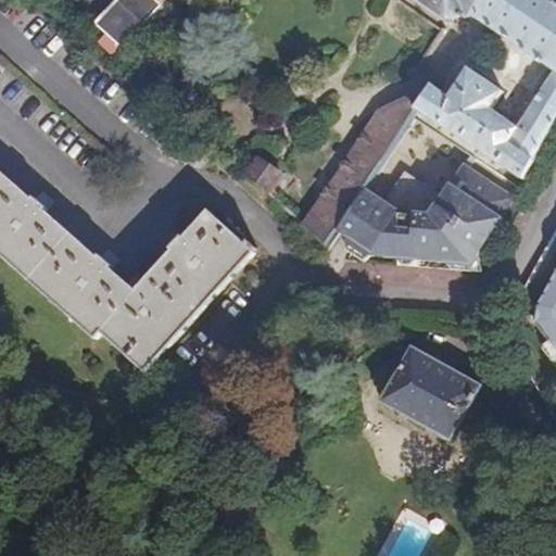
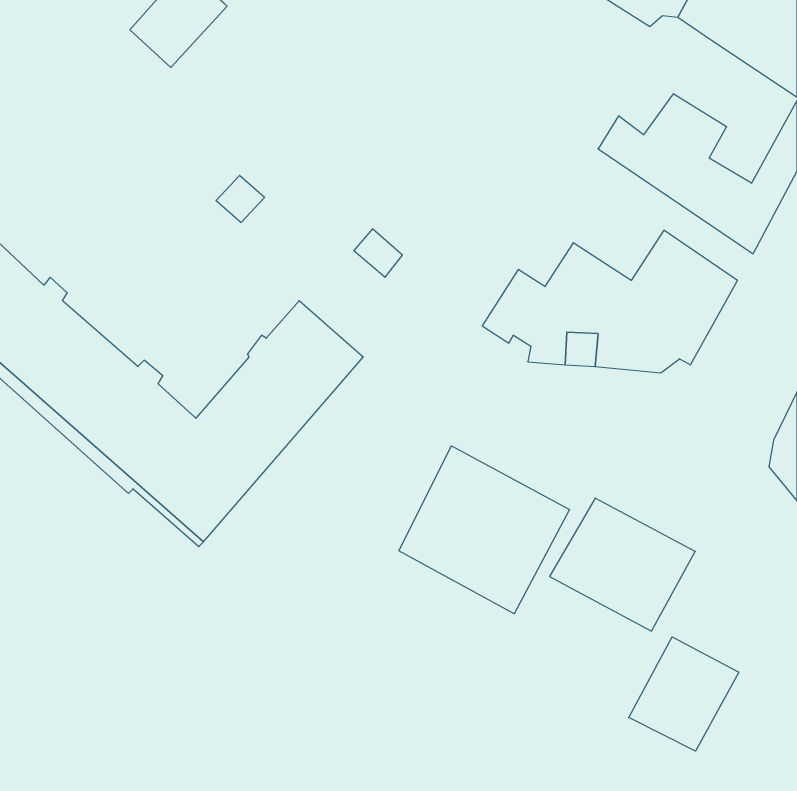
building: [301,97,415,241] -> none
building: none -> [399,446,569,614]
building: none -> [629,637,739,751]

